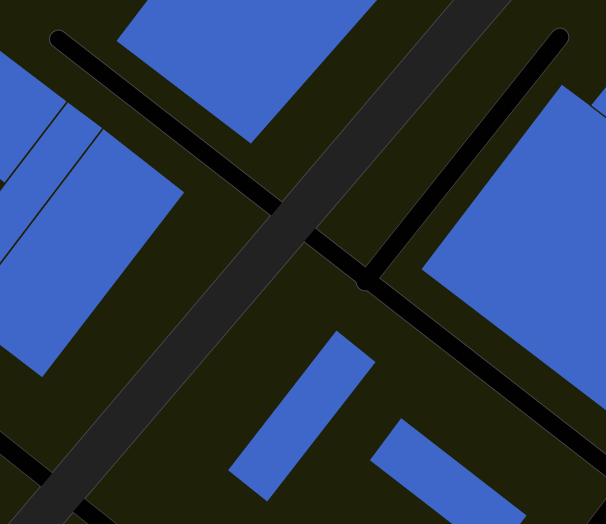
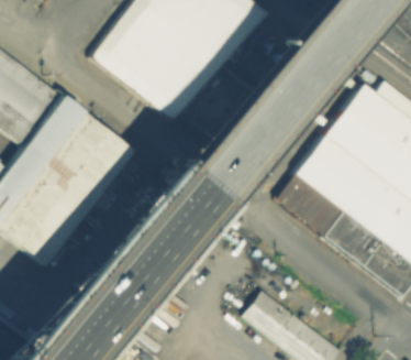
building: [227,330,376,503] -> none

